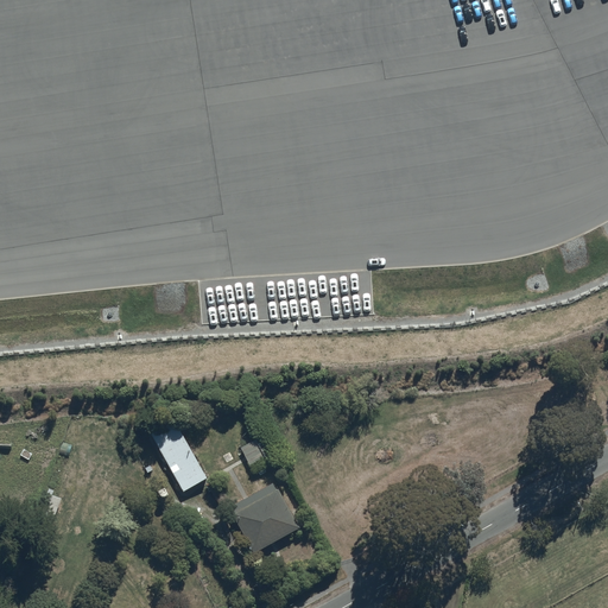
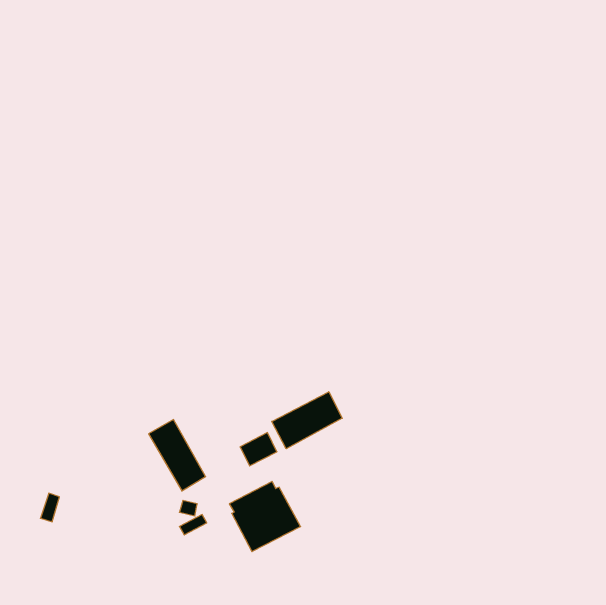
building: none -> [272,392,342,449]

